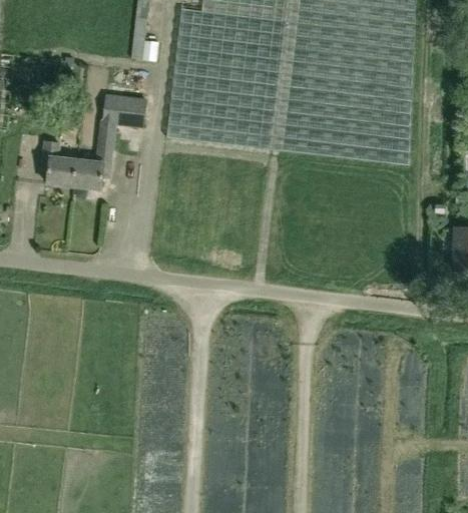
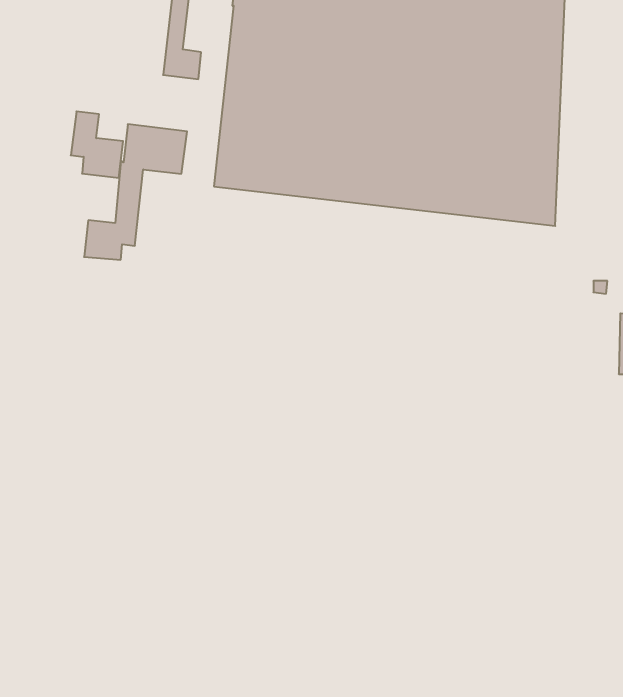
building: [40,140,77,187] -> [71,111,123,178]

